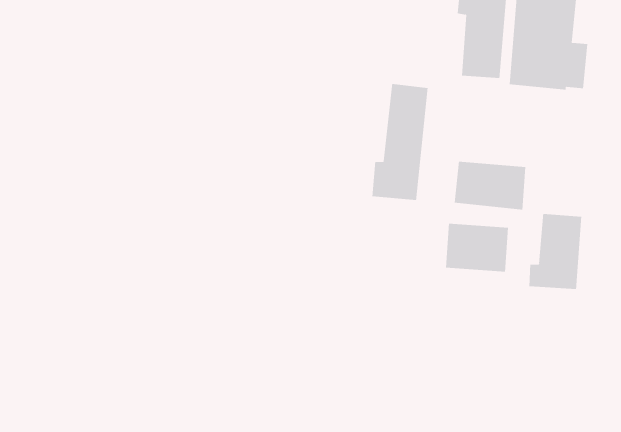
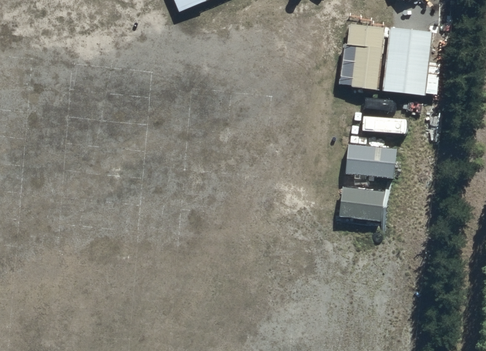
building: [372,83,428,201] -> none
building: [529,213,582,290] -> none

